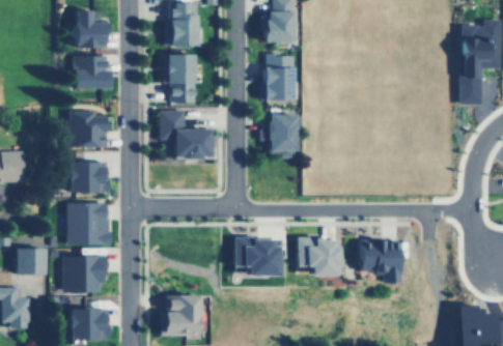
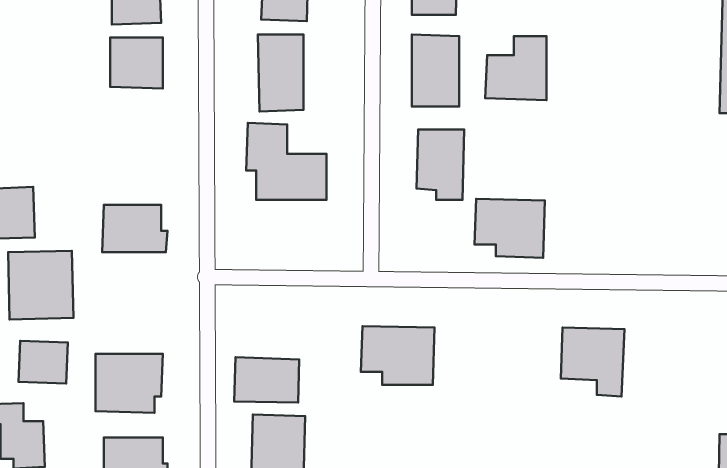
building: none -> [485,36,546,100]
building: [68,112,108,147] -> none
building: [69,202,111,246] -> [8,251,74,320]
building: [296,238,340,276] -> [475,199,545,258]
building: none -> [234,357,299,402]

